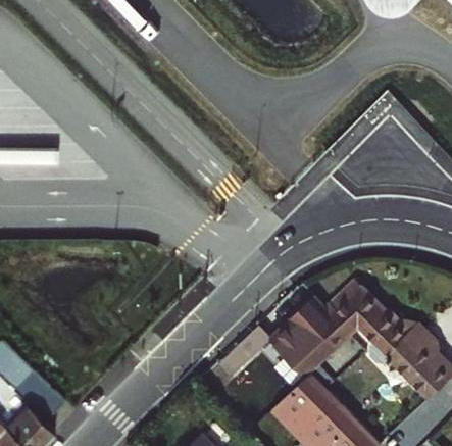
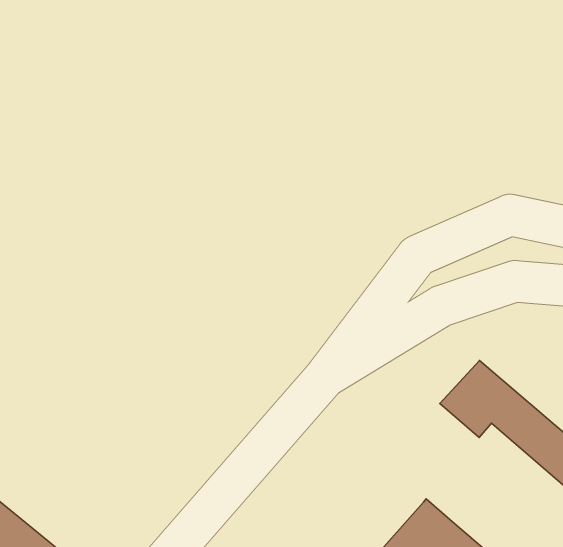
building: [273,303,350,377] -> none

